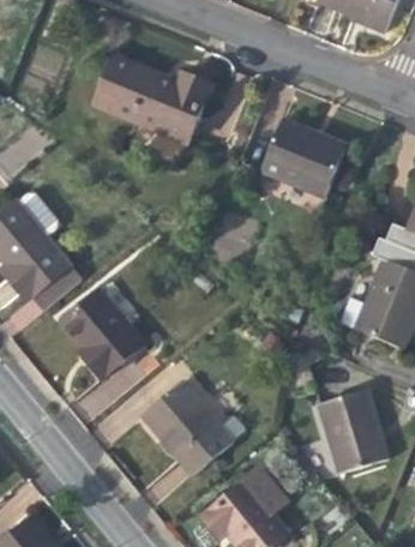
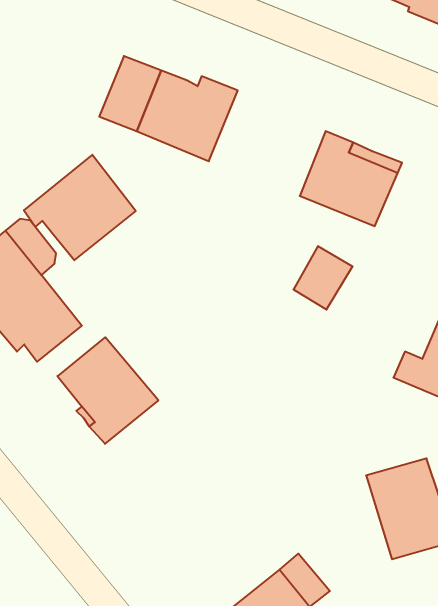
building: none -> [24,155,136,260]
building: [206,208,255,260] -> [293,246,353,310]
building: [139,380,234,477] -> none

